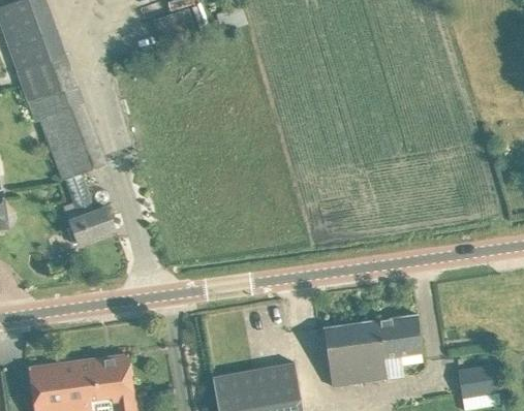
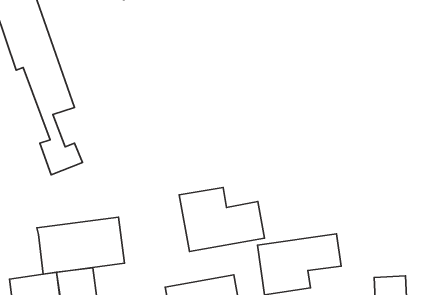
building: none -> [179,187,265,252]
building: none -> [37,217,125,274]

